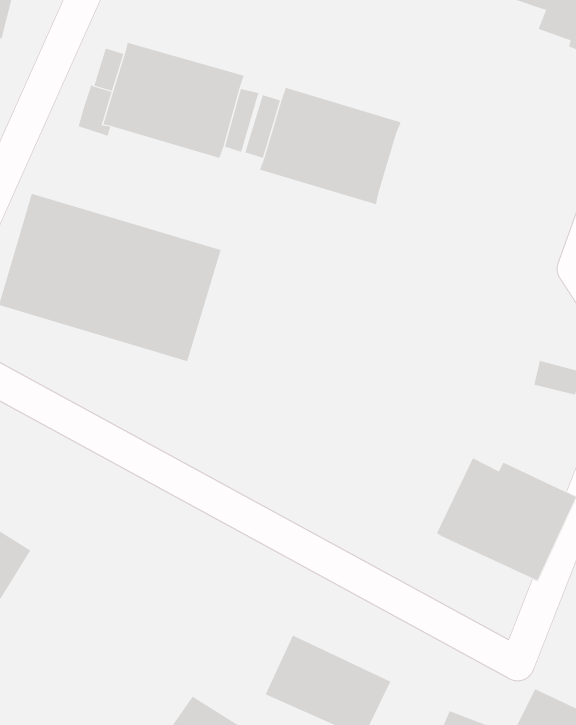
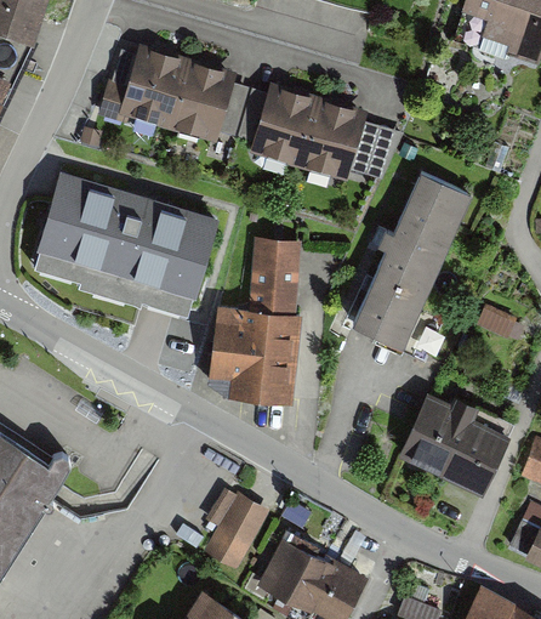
building: none -> [352,121,405,180]
building: none -> [355,171,473,342]
building: none -> [206,240,300,407]
building: none -> [204,490,270,575]

